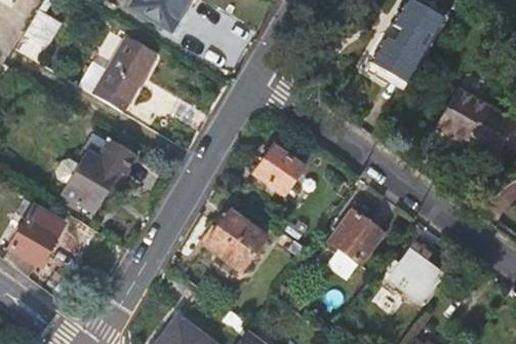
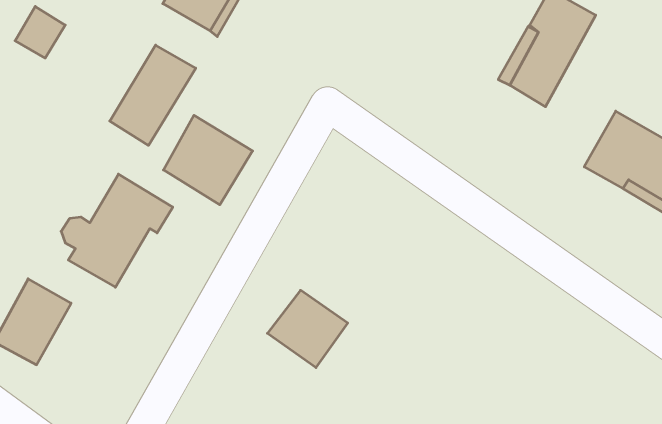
building: none -> [163,115,253,205]
building: [251,146,303,195] -> none
building: [329,211,383,265] -> none
building: [389,243,440,301] -> none

